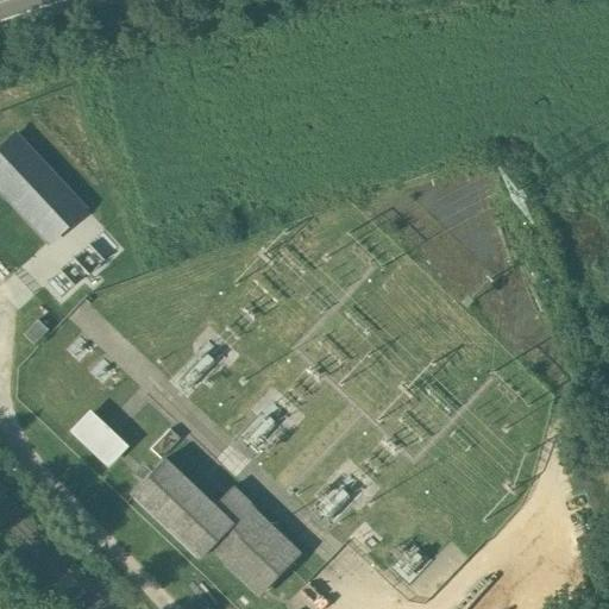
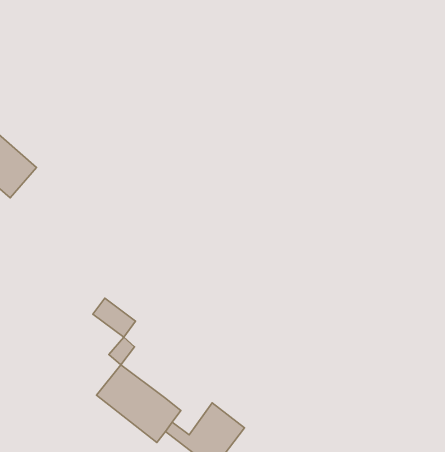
building: [74,412,125,462] -> [93,298,136,337]
building: [212,484,269,553] -> none

